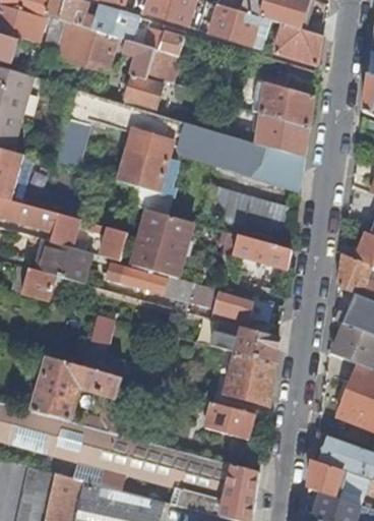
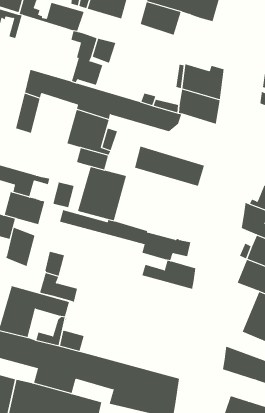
building: [142,19,185,55] -> none
building: [53,20,116,70] -> none
building: [274,23,323,66] -> none
building: [255,143,305,182] -> none
building: [225,232,292,270] -> none
building: none -> [6,227,35,267]
building: [227,352,275,403] -> none
building: [204,403,256,441] -> none
building: [308,462,354,502] -> none

